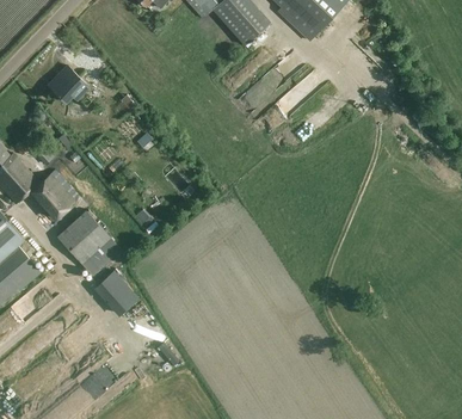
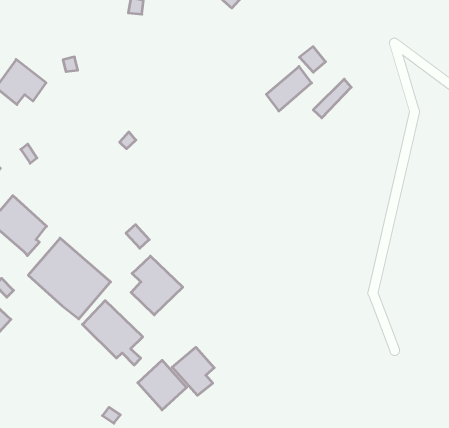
building: none -> [131,256,183,315]
building: none -> [172,347,214,395]

